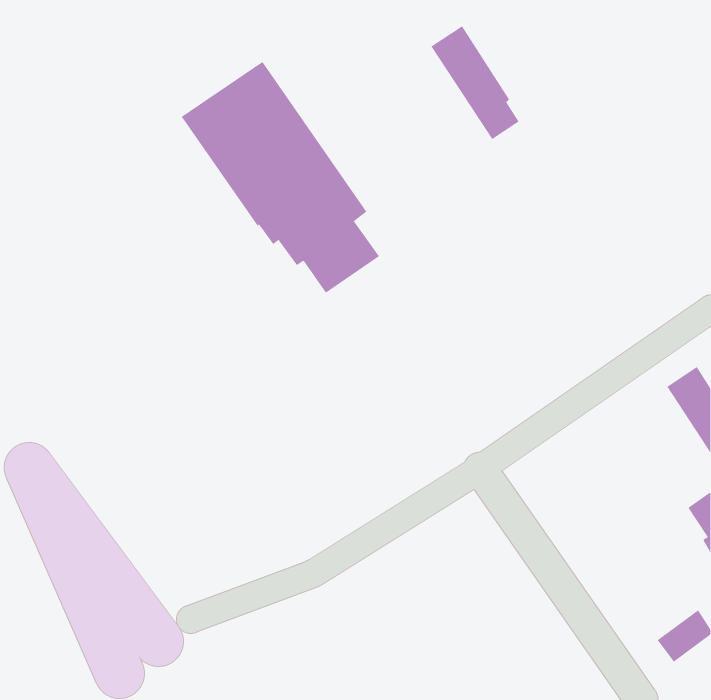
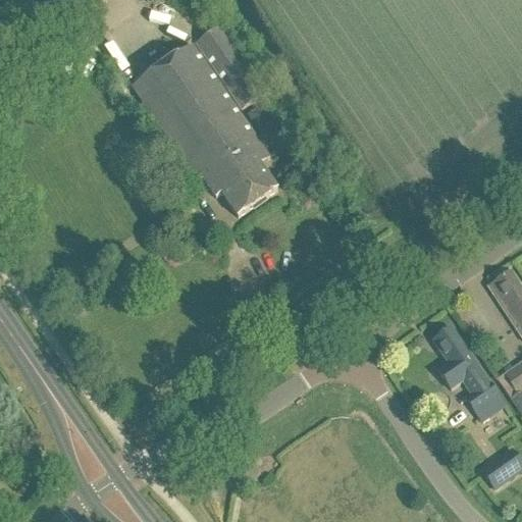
building: [431,26,520,140] -> [194,23,259,107]
building: none -> [432,325,499,410]

